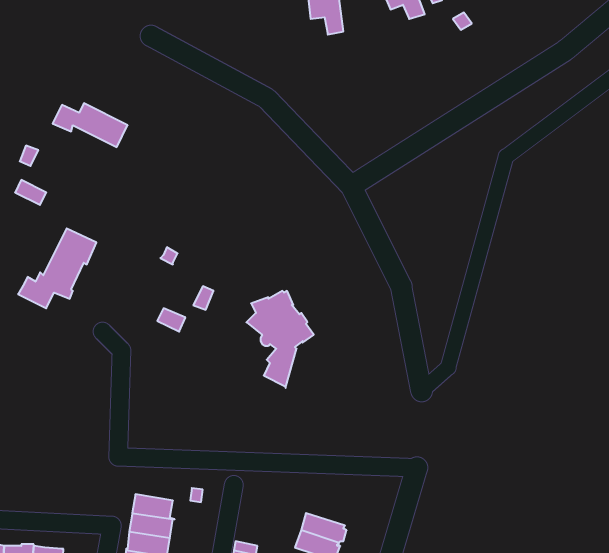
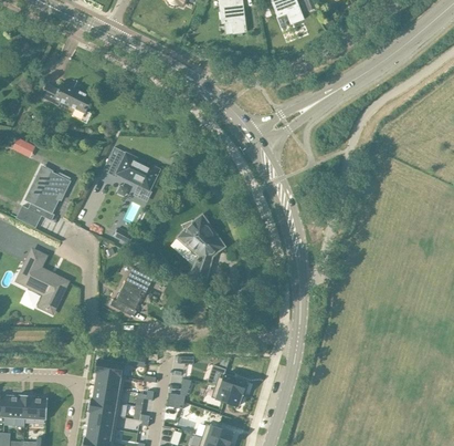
building: none -> [103,147,160,191]
building: none -> [18,250,67,315]
building: none -> [109,268,152,318]

